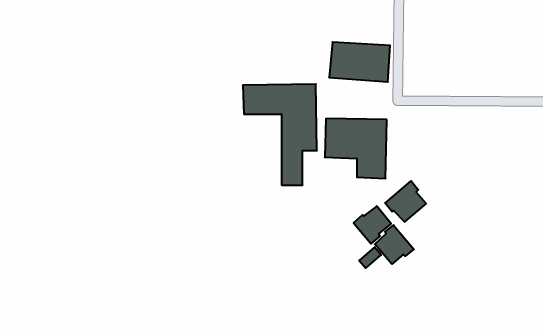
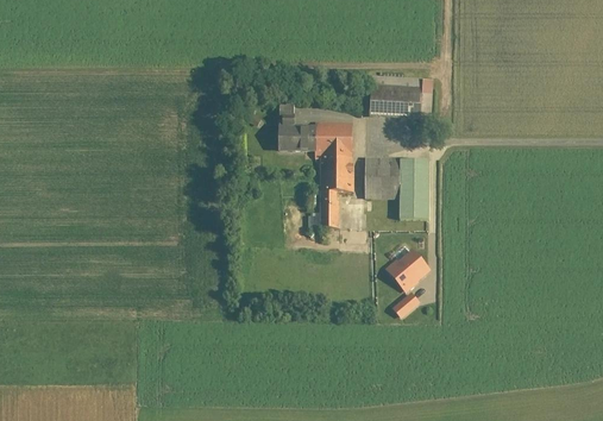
building: [385,181,426,222] -> none
building: [375,225,414,264] -> none

